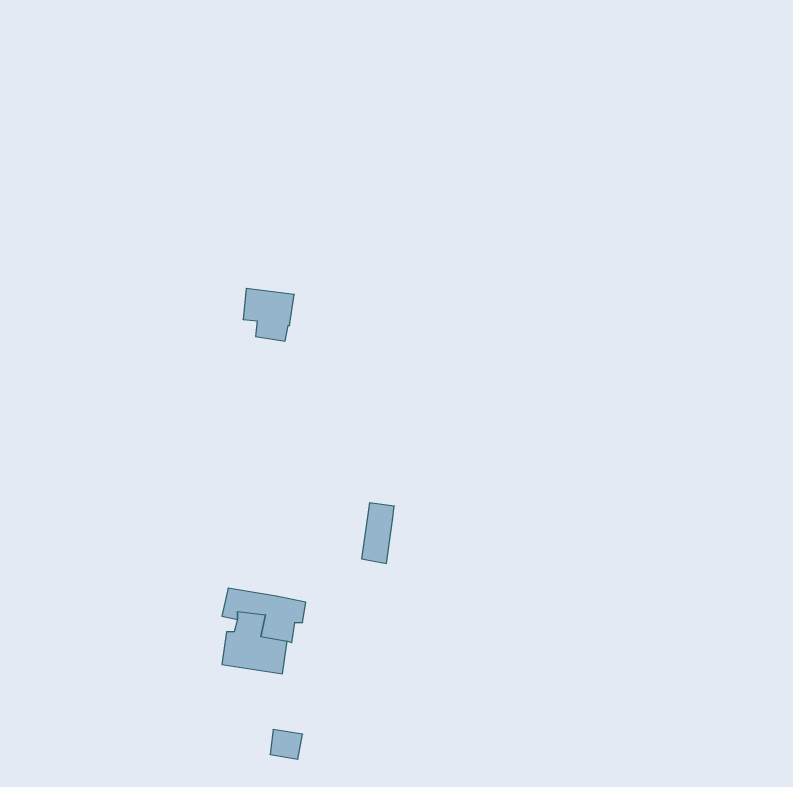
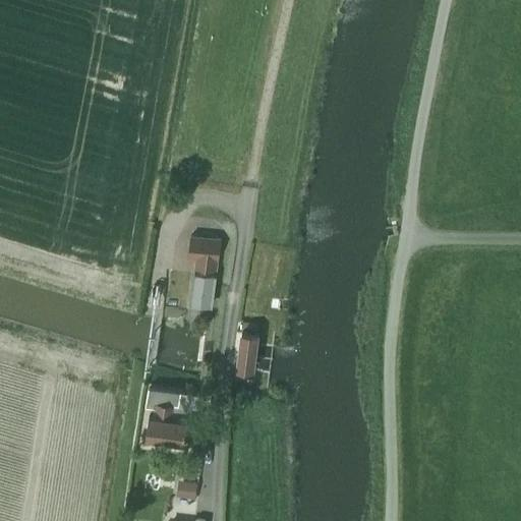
building: [243,288,294,341] -> [188,239,222,274]
building: none -> [190,277,215,308]

